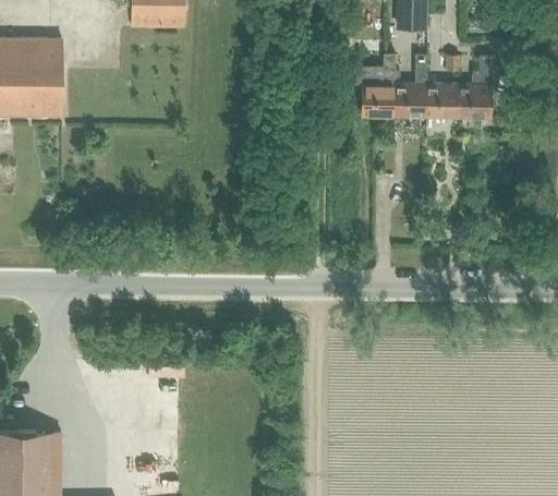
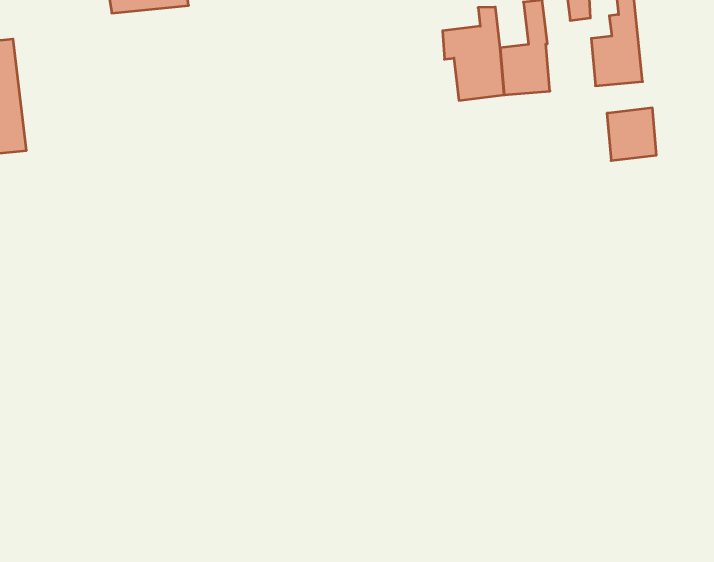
building: [425,85,458,118] -> [607,108,656,161]

